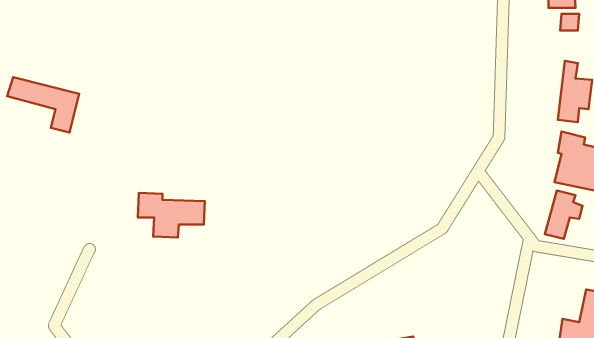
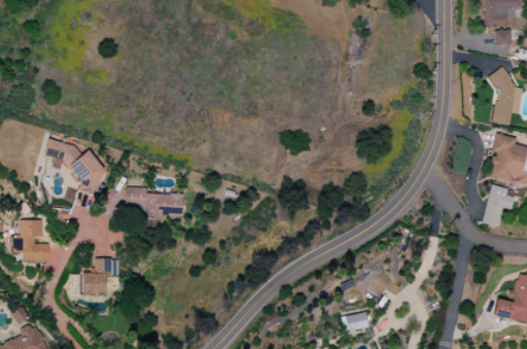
building: [7,77,79,133] -> [42,142,105,190]
building: none -> [12,220,48,260]
building: none -> [81,258,118,295]

